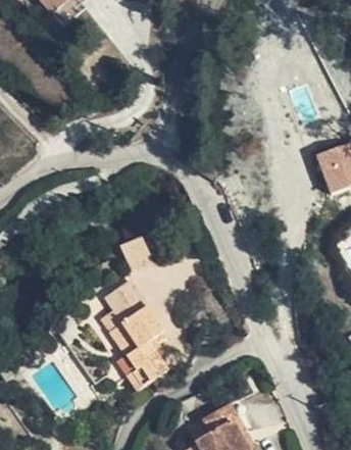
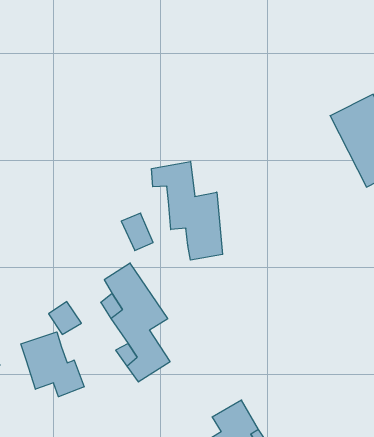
building: none -> [152,161,223,260]
building: none -> [21,332,84,397]

